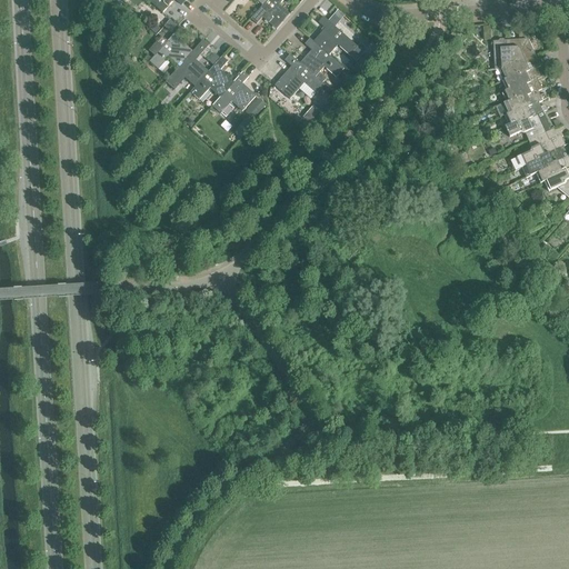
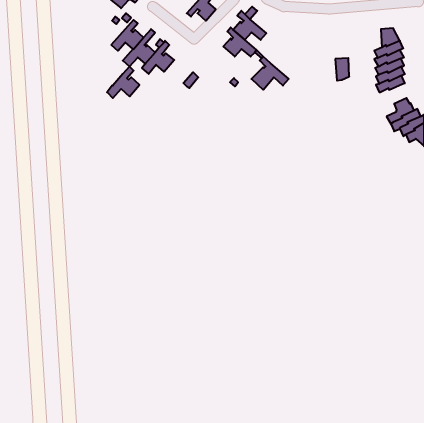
building: [492,39,511,69] -> [335,58,349,81]
building: [273,53,323,98] -> [251,57,289,90]
building: [212,70,256,112] -> [107,66,139,98]
building: [505,112,545,139] -> none

